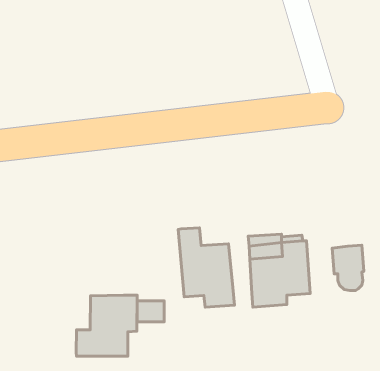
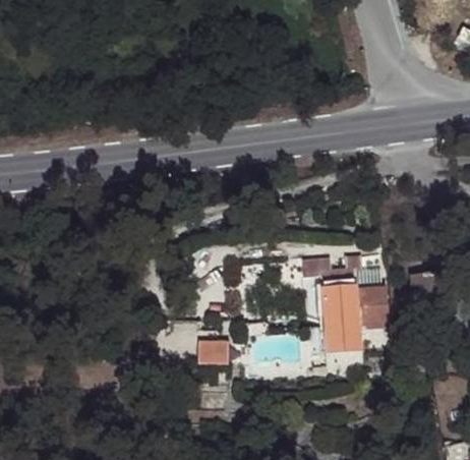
building: [178,228,234,307] -> none
building: [76,295,137,356] -> none

